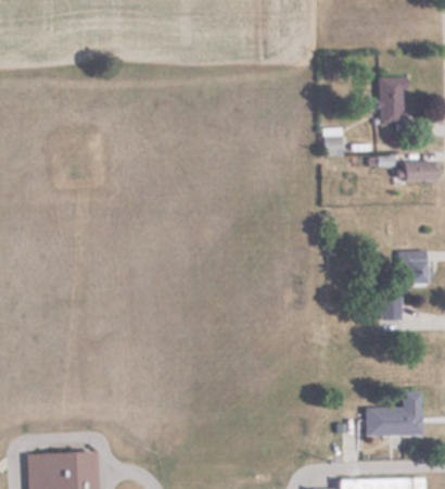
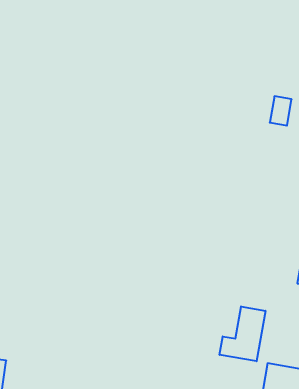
building: none -> [220,306,265,361]

